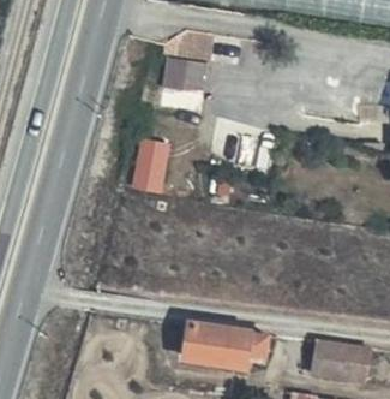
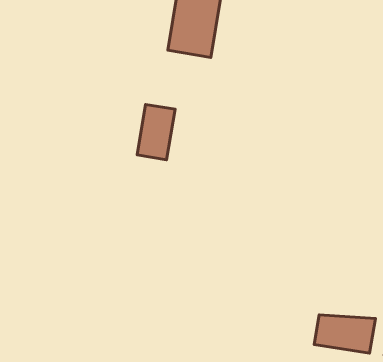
building: [174,323,262,371] -> none

